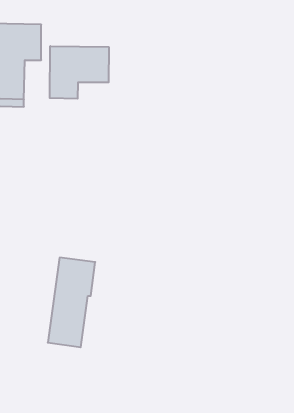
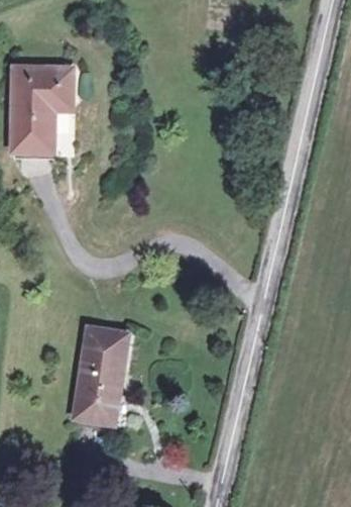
building: [50,46,109,99] -> none

